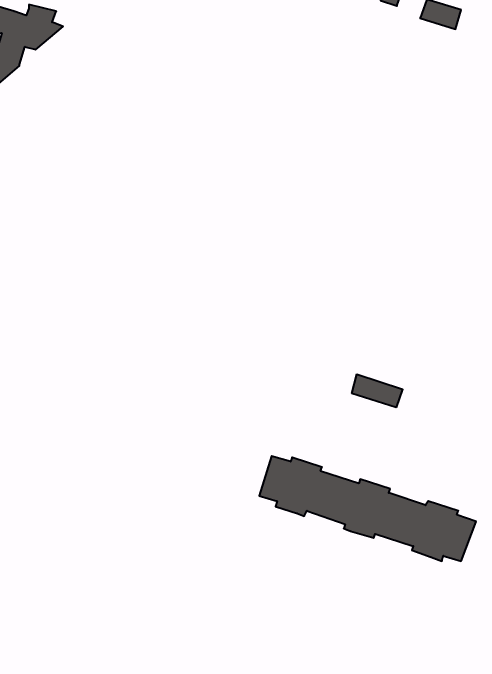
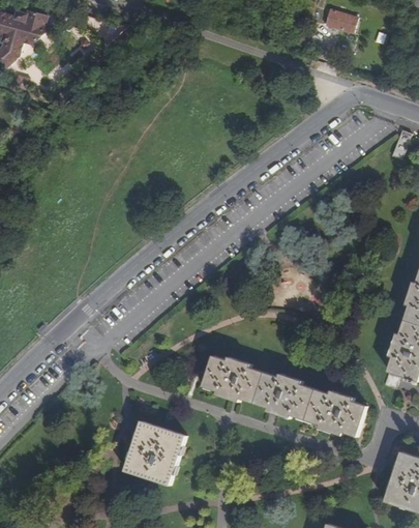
building: [352,374,403,407] -> none
building: none -> [122,419,184,485]

